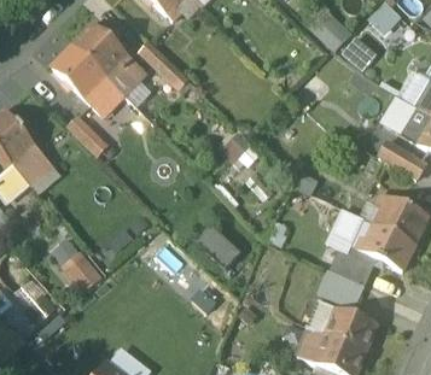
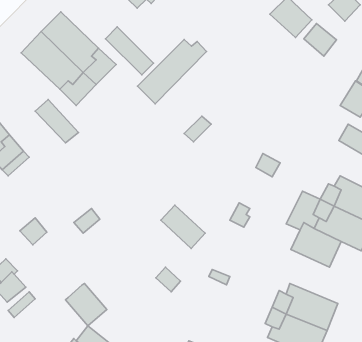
building: none -> [137,39,207,104]
building: [62,248,104,292] -> [66,284,107,326]
building: [320,268,369,307] -> none

